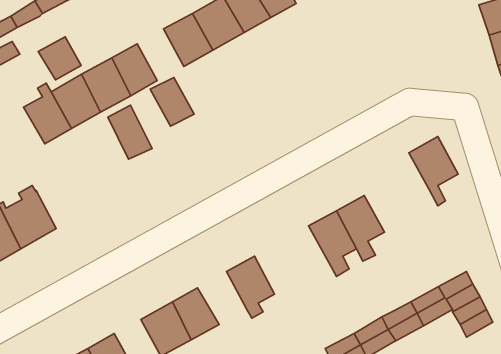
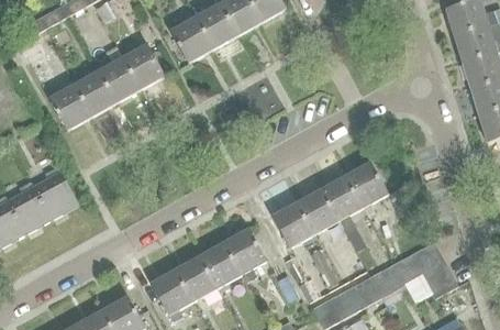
building: [38,37,81,80] -> none
building: [150,77,194,126] -> none
building: [108,105,152,159] -> none
building: [409,136,458,206] -> [345,161,388,221]
building: none -> [271,201,314,248]
building: none -> [200,241,243,287]

